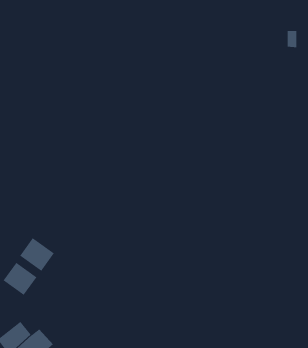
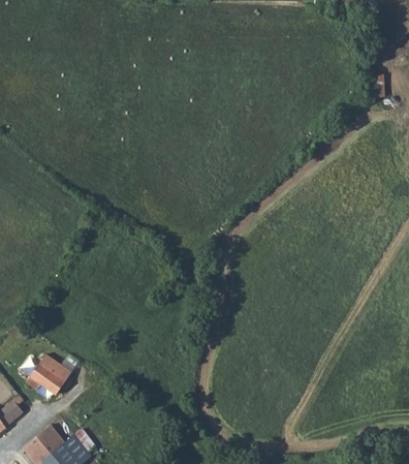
building: [19,237,55,272] -> none

